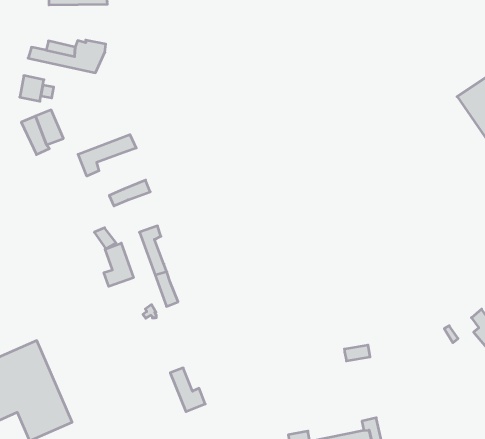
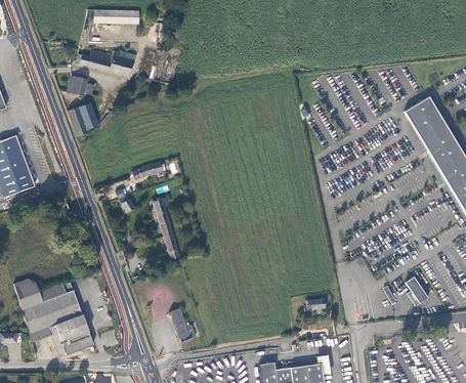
building: [78,135,136,176] -> none
building: [104,243,133,286] -> none

